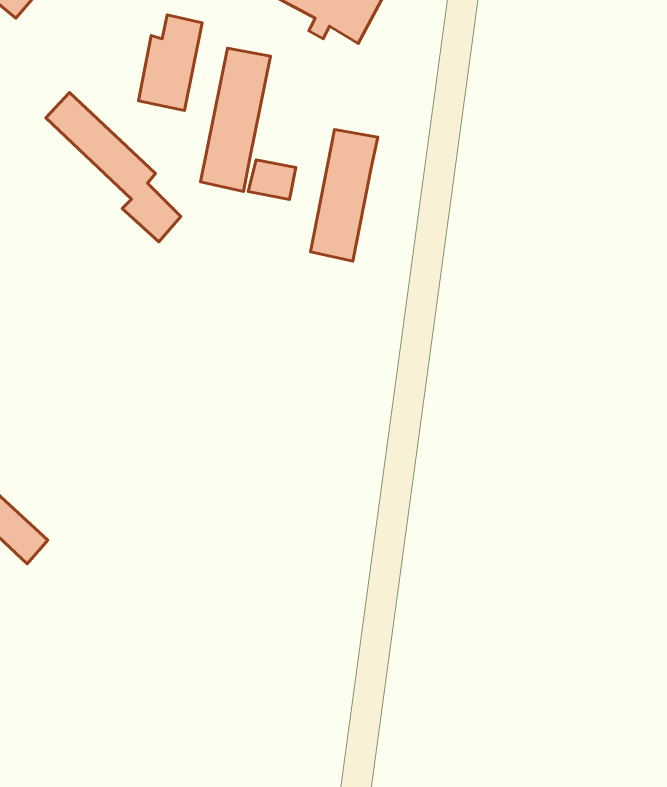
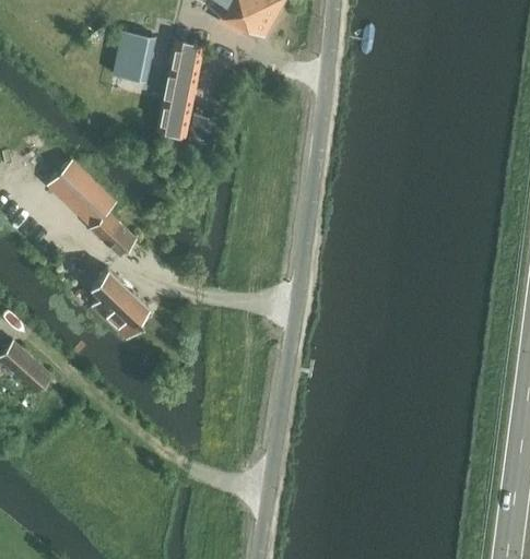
building: [46,92,181,242] -> [43,155,136,258]
building: [310,130,378,261] -> none
building: none -> [92,270,149,338]

